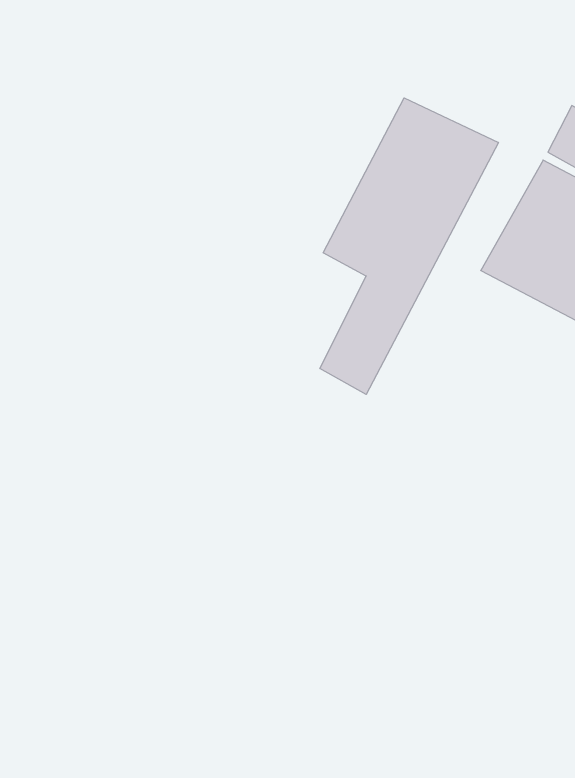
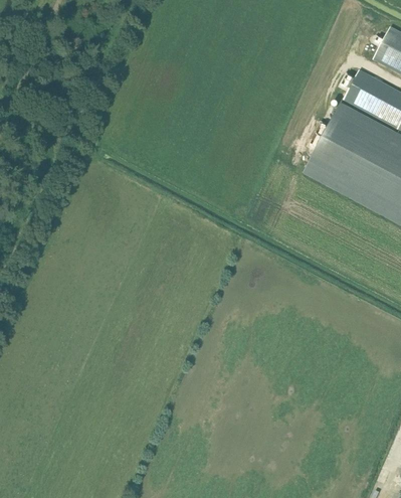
building: [320,98,498,394] -> none

